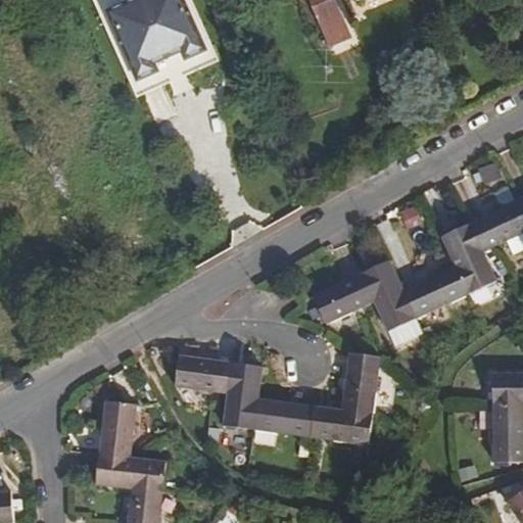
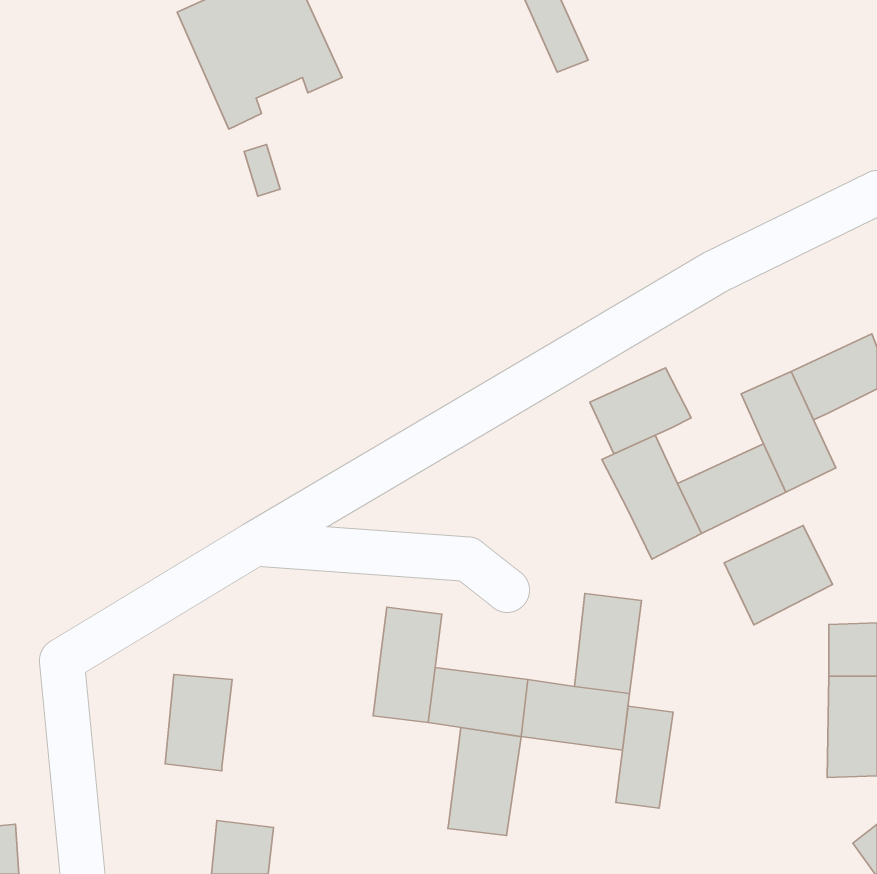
building: [313,273,373,324] -> [590,368,691,454]
building: none -> [724,526,832,625]
building: [176,353,230,391] -> none
building: none -> [616,706,673,808]
building: none -> [448,727,521,836]
building: [96,454,165,491] -> none

